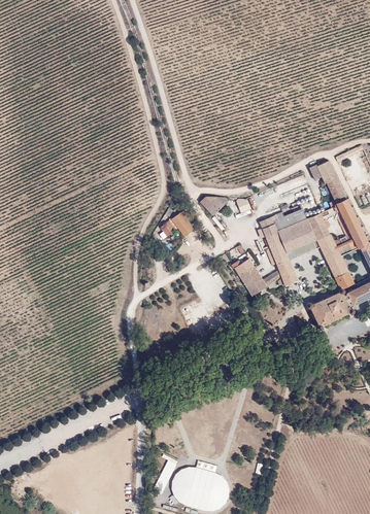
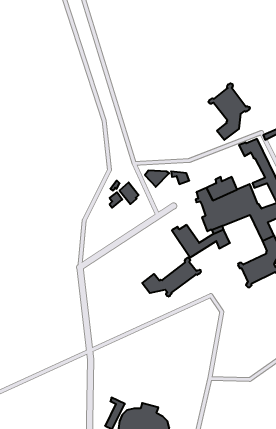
building: none -> [208,83,250,140]
building: none -> [142,258,201,297]

